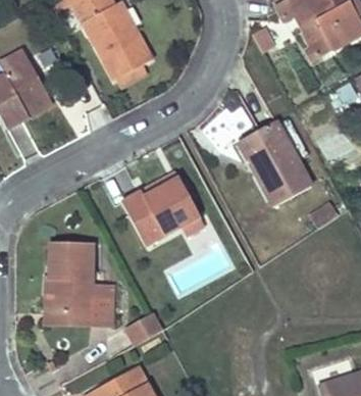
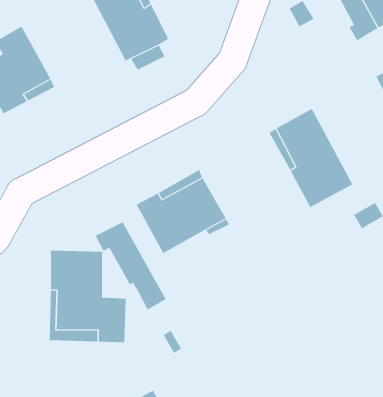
building: none -> [95,221,166,310]

